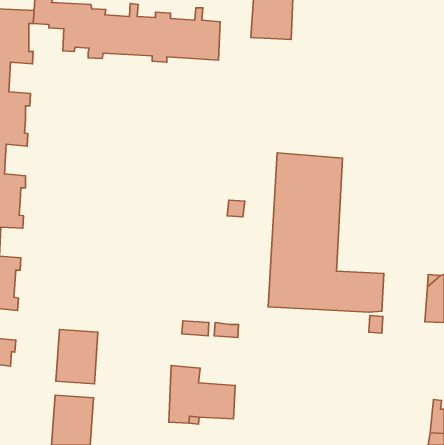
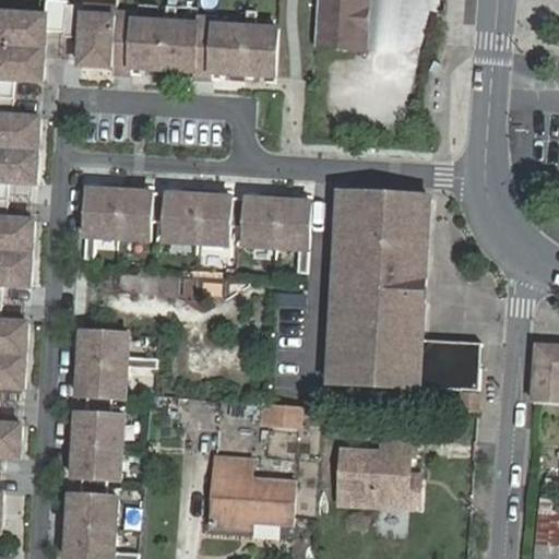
building: none -> [84,188,151,239]
building: none -> [163,192,230,245]
building: none -> [242,197,310,249]
building: none -> [76,330,128,397]
building: none -> [336,436,417,510]

